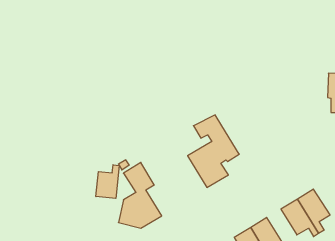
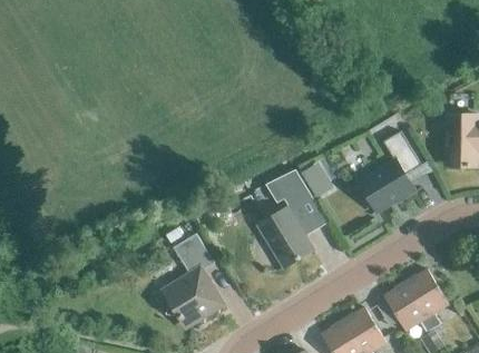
building: none -> [359,133,421,213]
building: none -> [302,161,334,198]
building: [96,165,119,198] -> none

